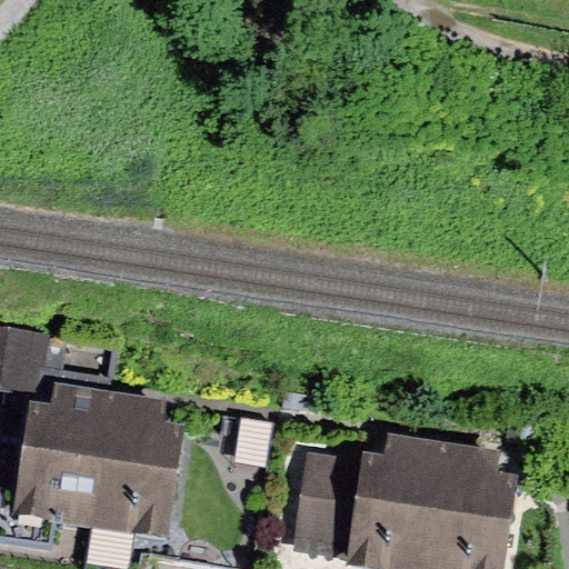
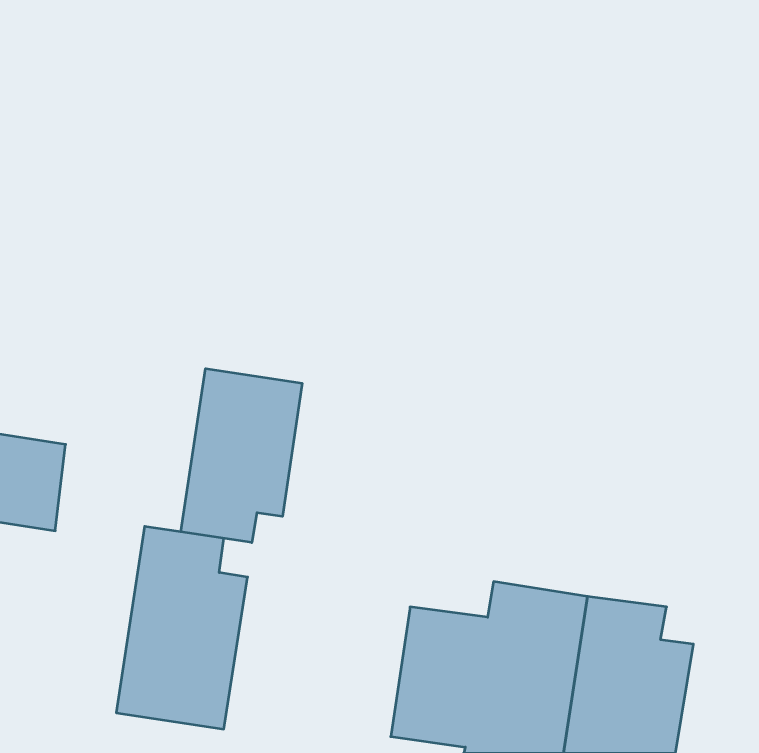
building: none -> [181,369,302,543]
building: [11,385,108,531] -> none

